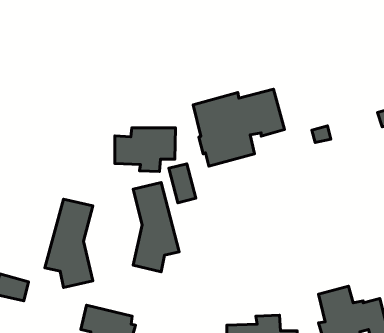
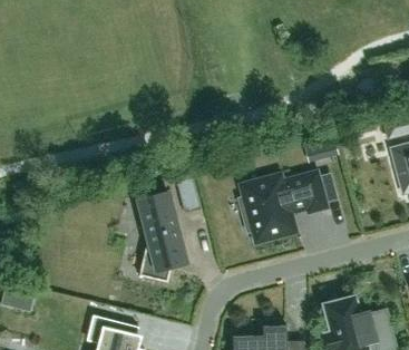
building: [193,89,285,166] -> [237,167,329,244]
building: [115,128,176,172] -> none
building: [45,199,93,288] -> none

